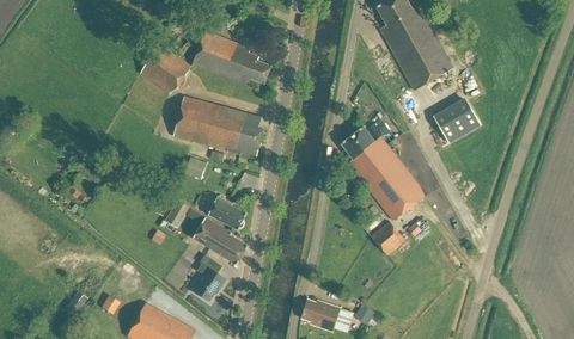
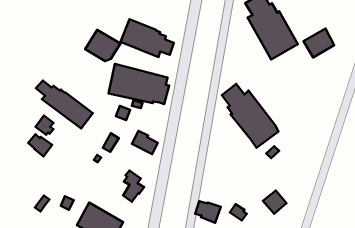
building: [434,99,480,142] -> [304,28,334,57]
building: none -> [36,81,93,128]
building: none -> [28,134,52,156]
building: [193,216,248,263] -> none
building: [370,220,404,254] -> [263,190,286,214]

